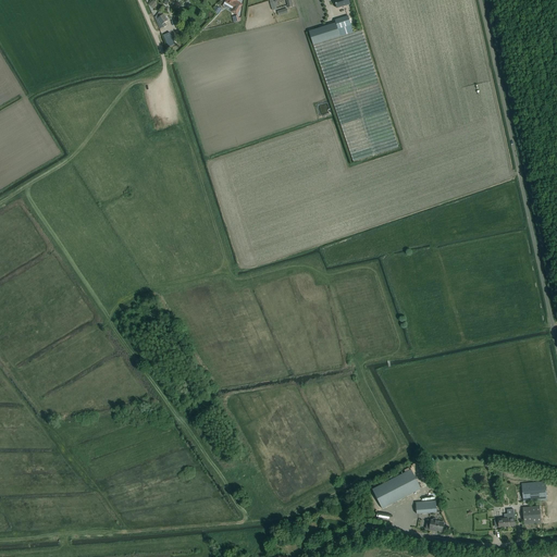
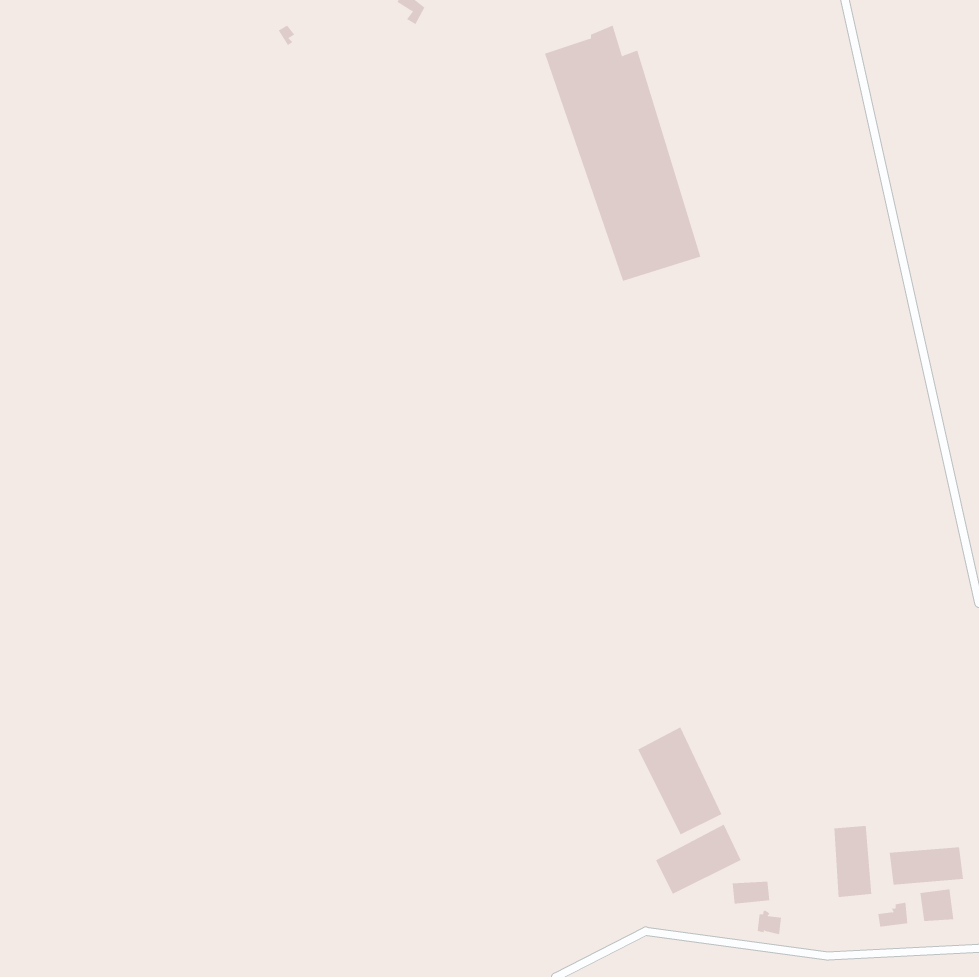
building: none -> [638,726,722,835]
building: none -> [834,825,872,898]

